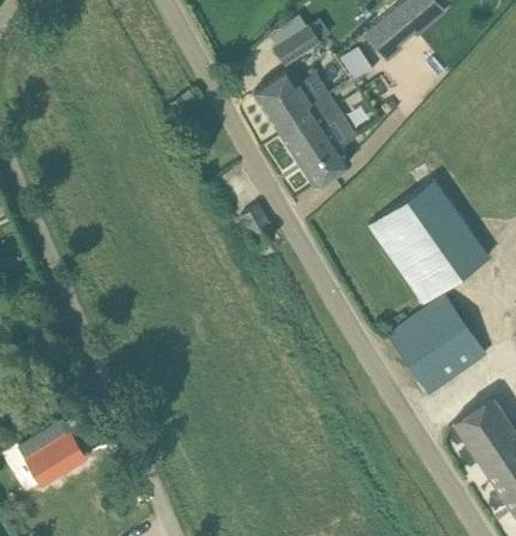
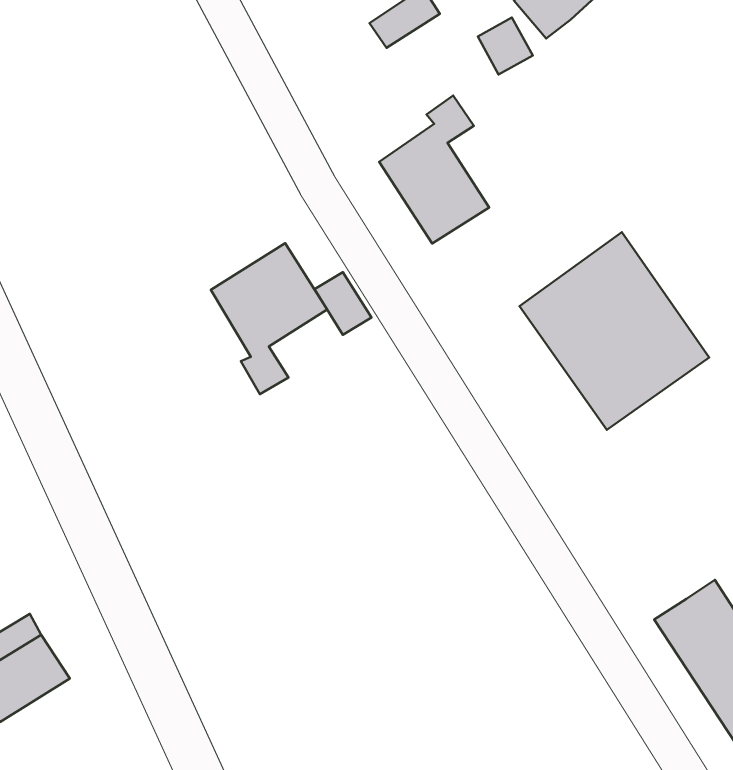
building: [253,69,327,135] -> none
building: none -> [211,243,327,394]
building: [386,295,485,393] -> none

